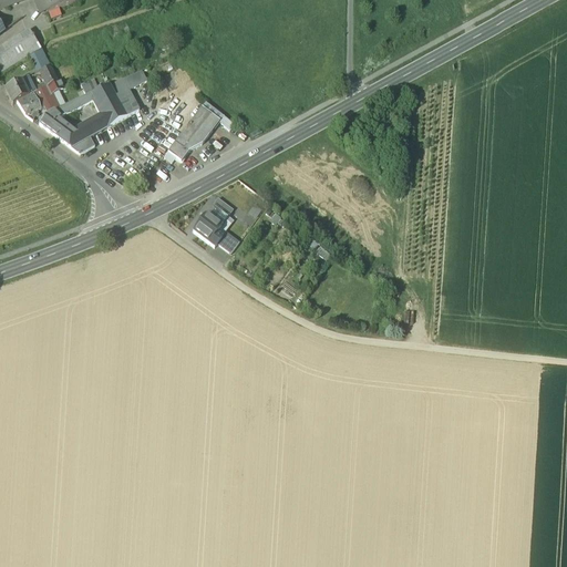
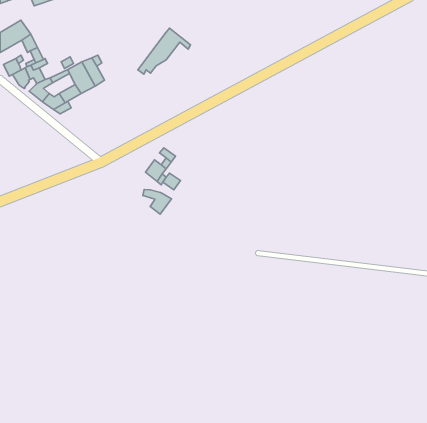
building: [164,100,234,161] -> [138,28,191,74]
building: none -> [143,189,171,214]

